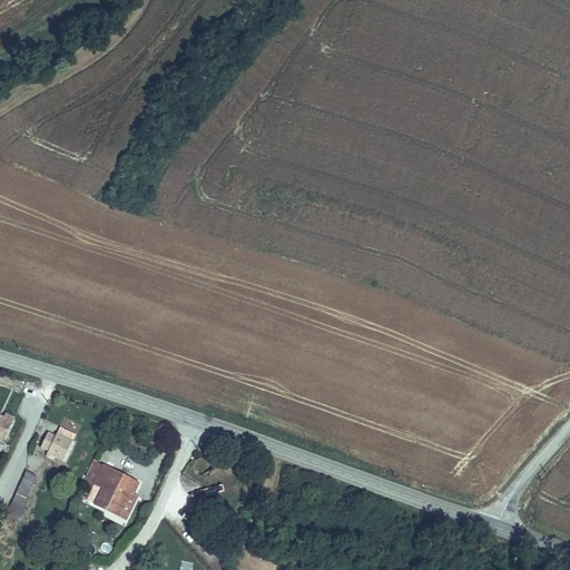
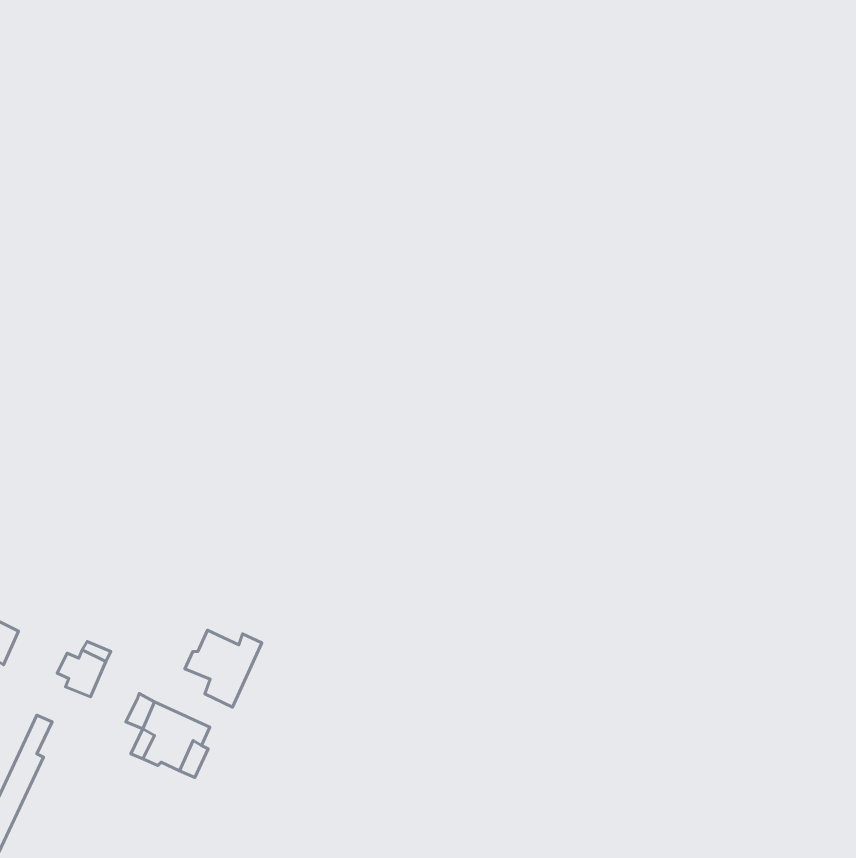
building: none -> [185,630,262,707]

